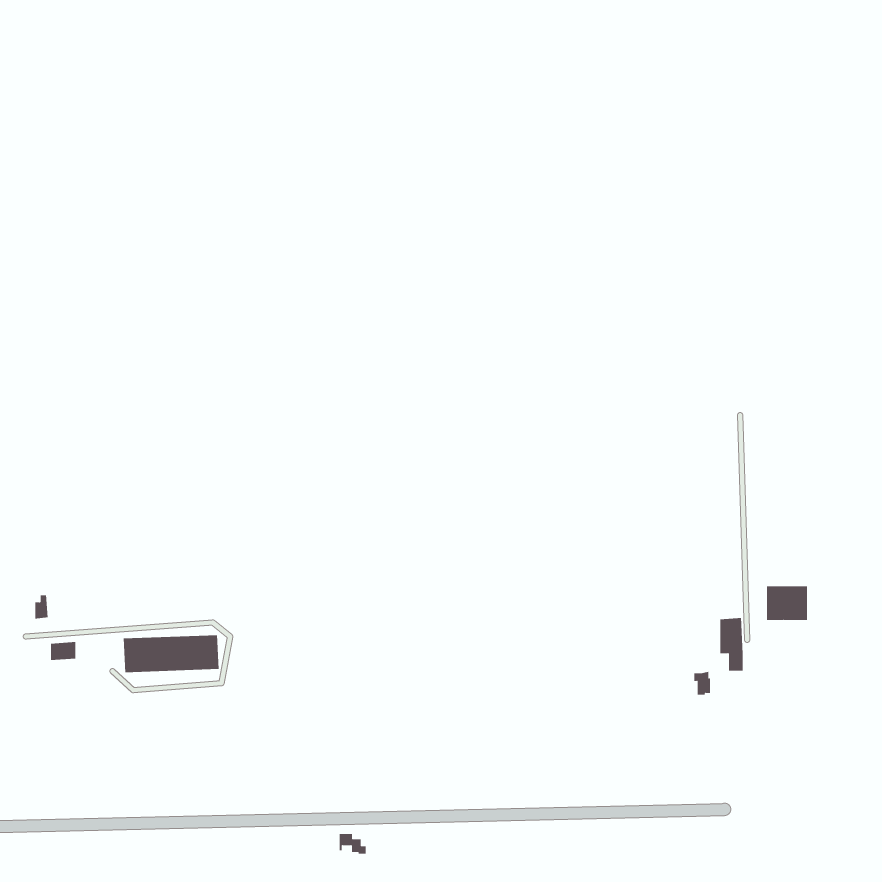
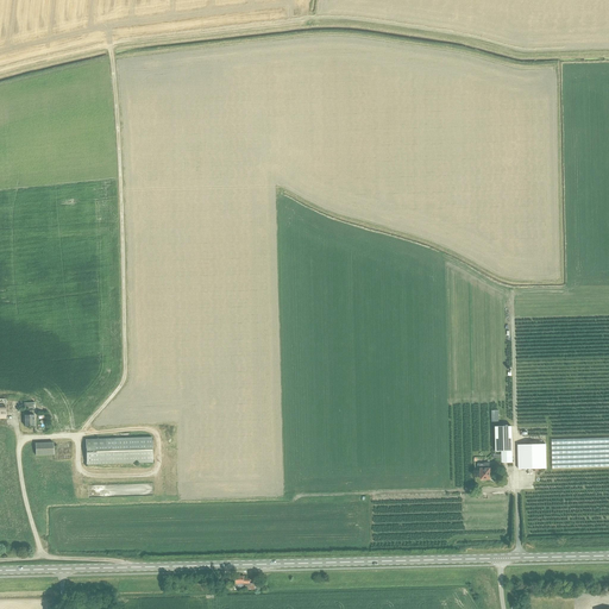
building: [766,586,808,620] -> [517,444,546,467]

